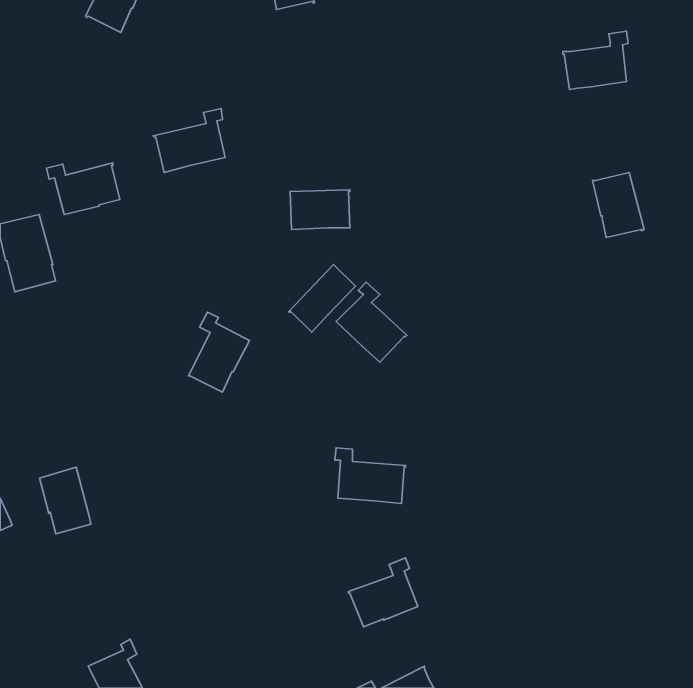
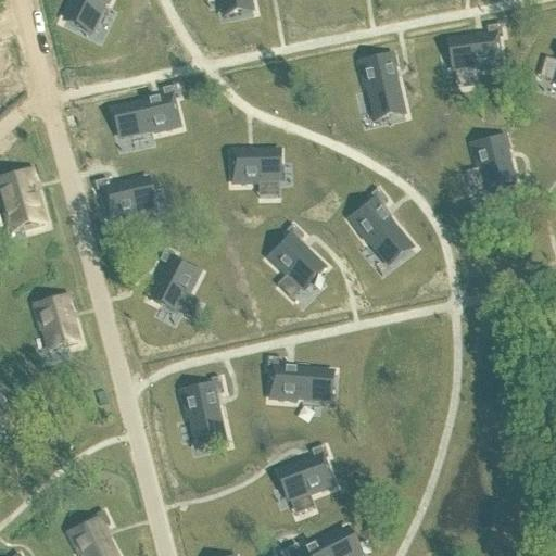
building: none -> [362,55,403,112]
building: [46,163,120,214] -> [96,179,154,220]
building: none -> [351,190,407,257]
building: [289,264,355,332] -> none
building: [39,467,91,534] -> [37,298,78,351]
building: none -> [184,378,225,441]

